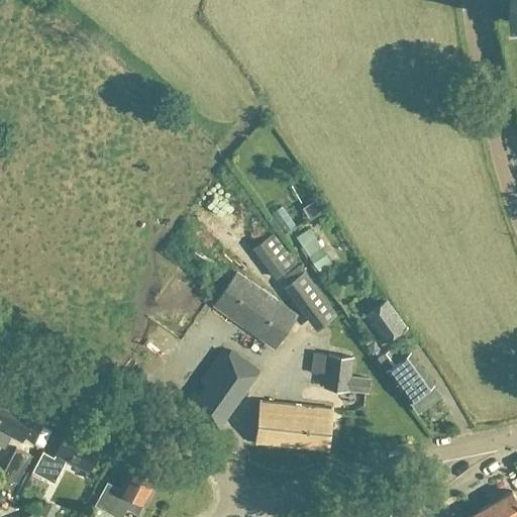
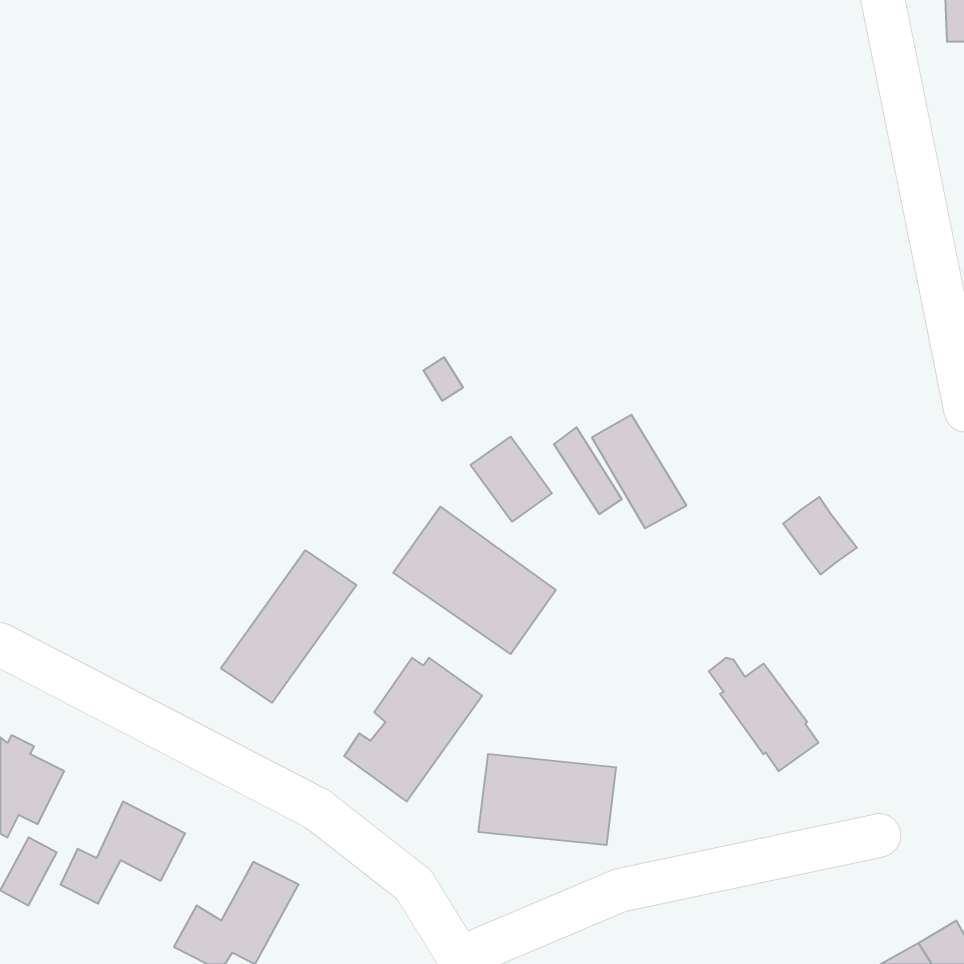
building: [287,268,337,328] -> [592,415,686,528]
building: none -> [221,550,356,703]
building: [366,302,405,343] -> [783,497,857,574]
building: [310,352,371,394] -> none

